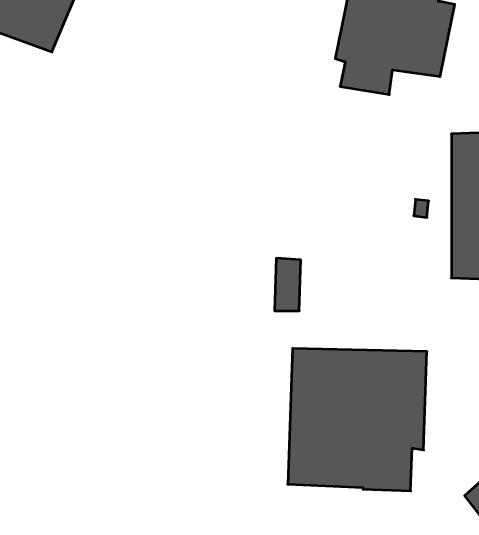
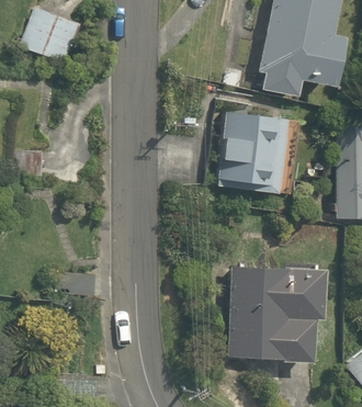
building: none -> [218,111,284,191]

